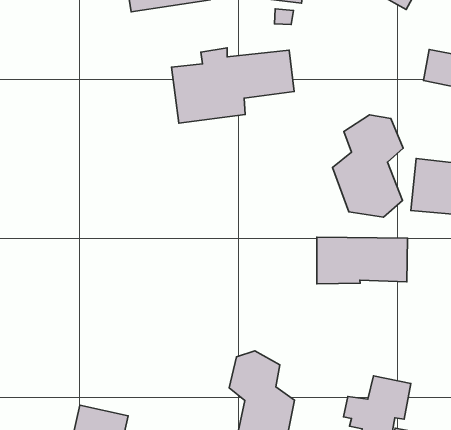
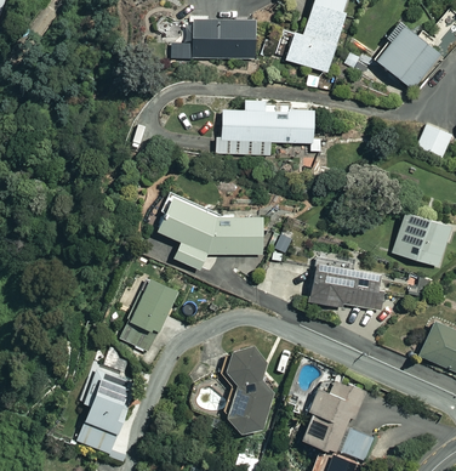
building: [332,115,403,217] -> none
building: none -> [154,195,264,268]
building: none -> [110,274,177,362]

